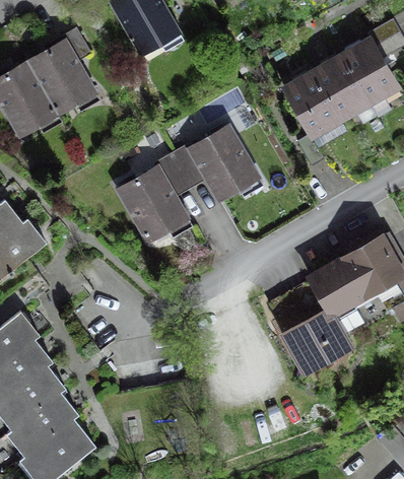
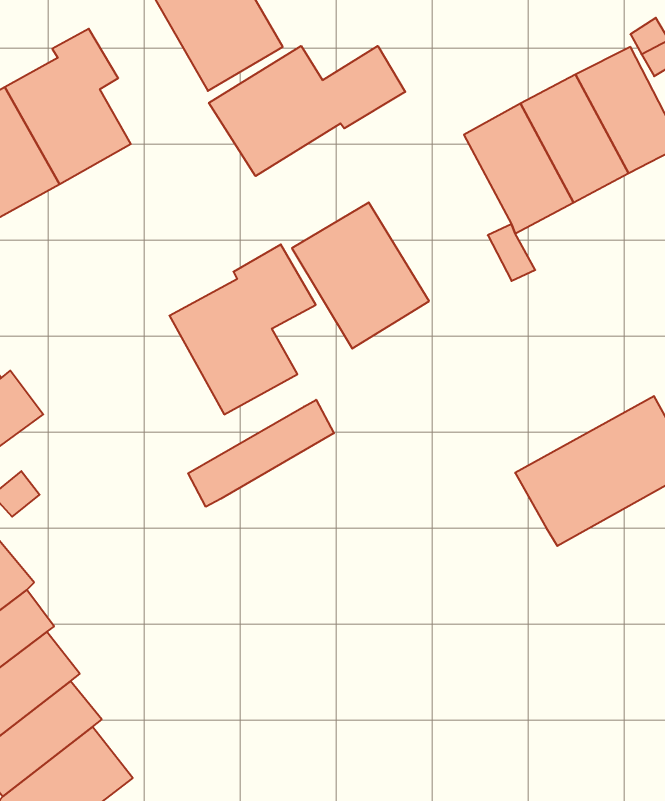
building: none -> [209,46,405,176]
building: none -> [188,400,334,507]
building: [280,305,349,371] -> none

